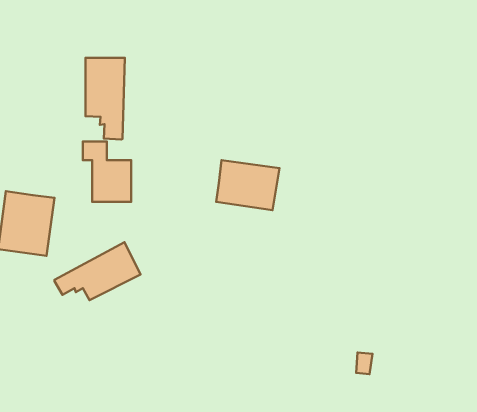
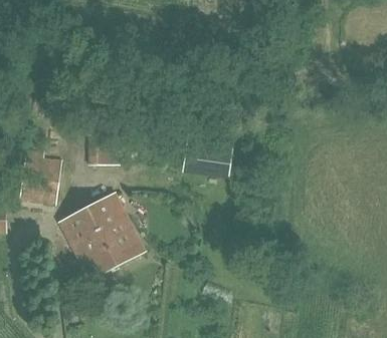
building: [85,58,125,140] -> none
building: none -> [67,219,144,280]

